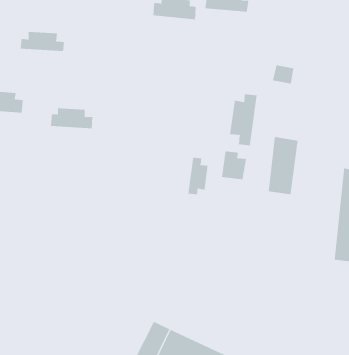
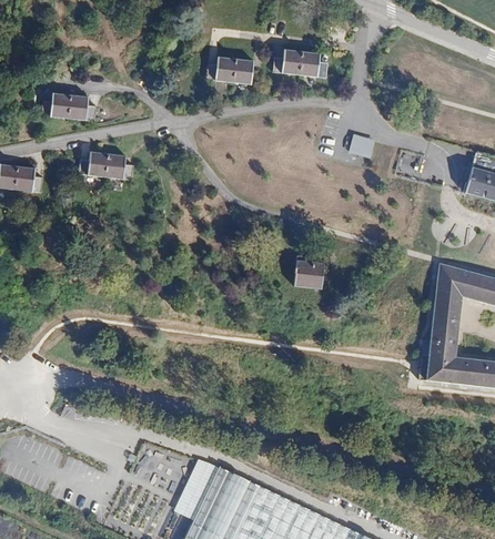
building: [230,93,257,146] -> none
building: [50,108,93,129] -> [75,151,130,177]
building: [268,136,298,195] -> none
building: [188,157,208,195] -> none

